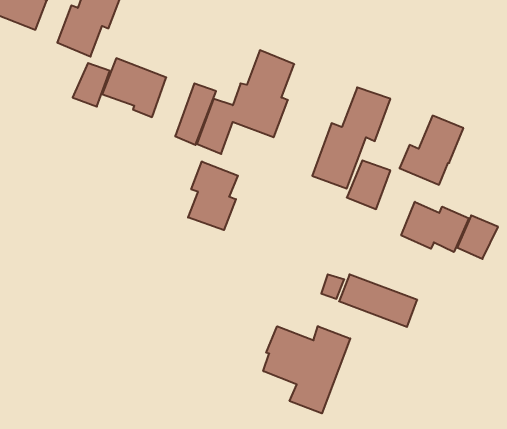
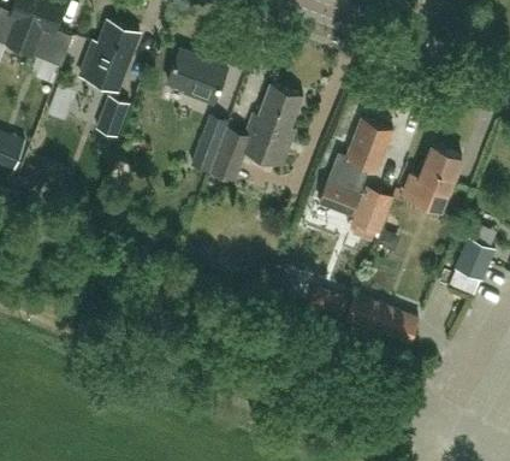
building: [102,58,166,117] -> [167,49,227,105]
building: [188,161,238,230] -> none
building: [401,202,469,252] -> none
building: [263,326,350,413] -> none

